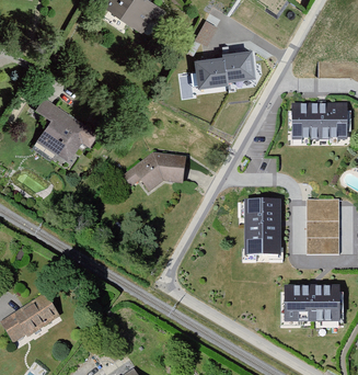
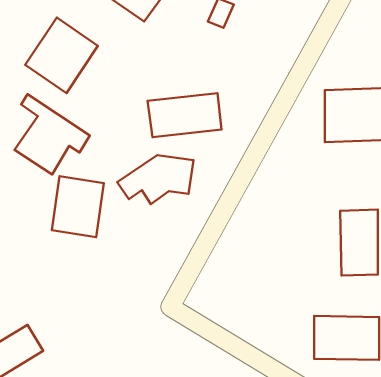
building: none -> [25,18,98,93]
building: [195,49,257,87] -> [147,93,221,137]
building: none -> [52,176,104,237]
building: [246,194,282,257] -> none

